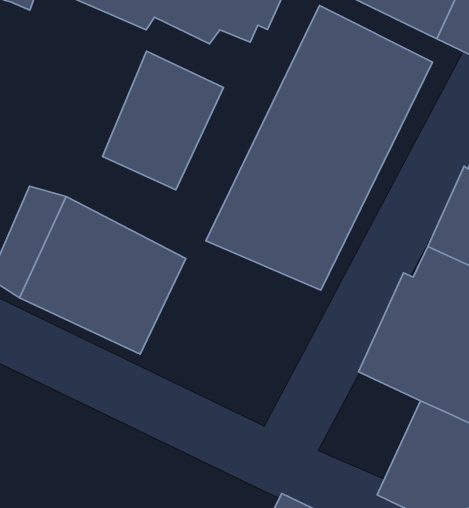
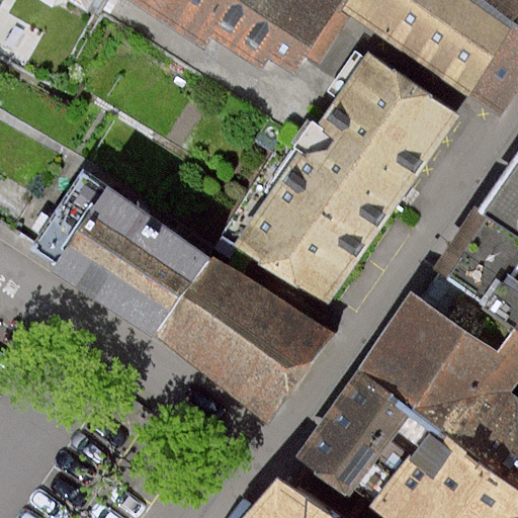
building: [102,51,223,190] -> none
building: none -> [159,256,336,414]
building: none -> [298,380,403,493]

